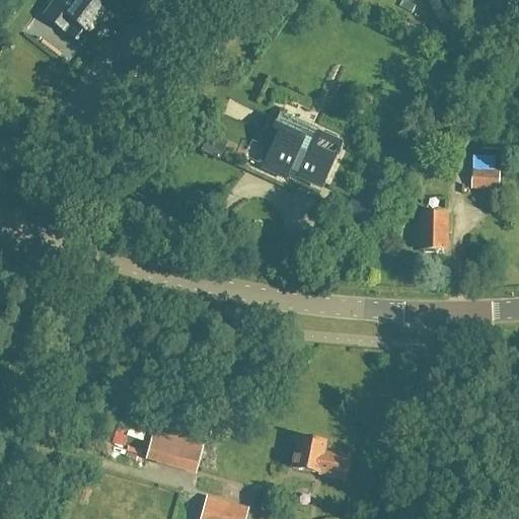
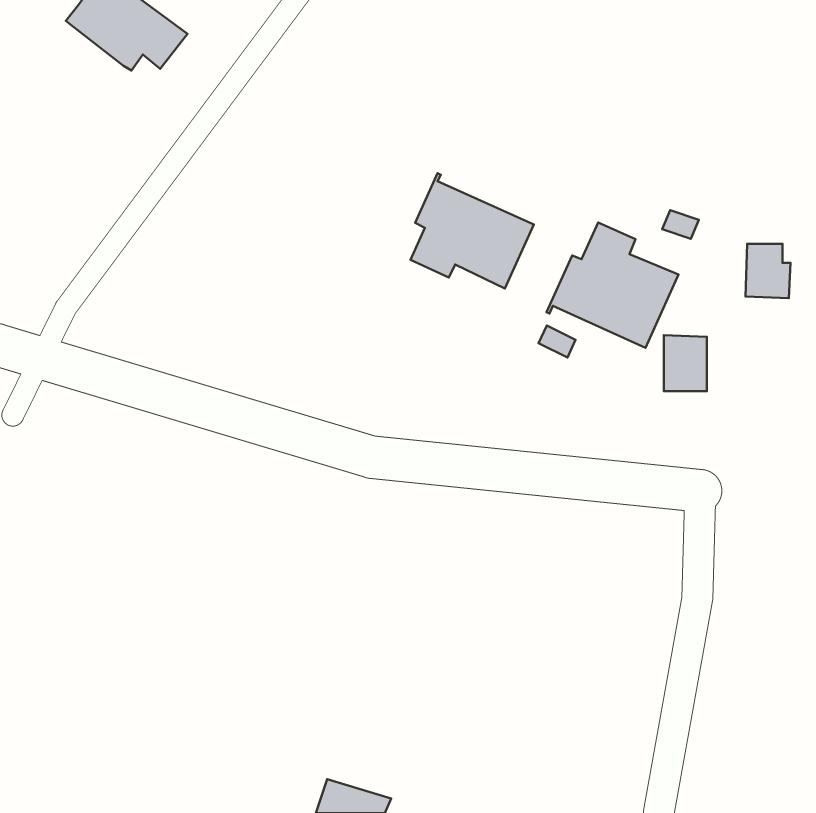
building: none -> [546,223,679,348]
building: [146,435,200,468] -> none
building: [292,436,349,476] -> none

